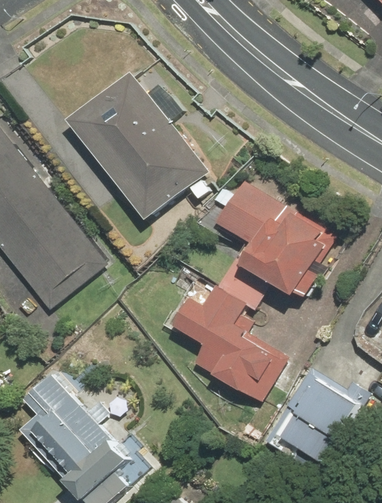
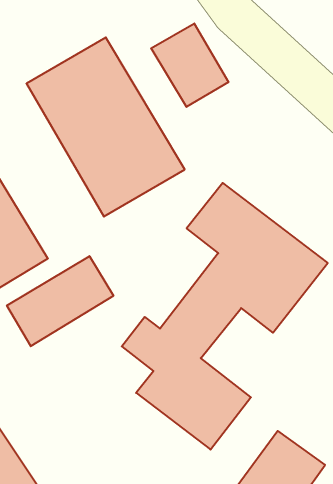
building: none -> [151,23,228,107]
building: none -> [7,256,113,346]

